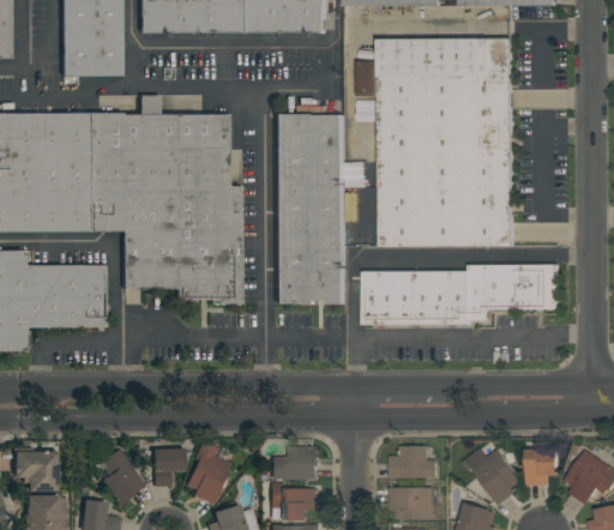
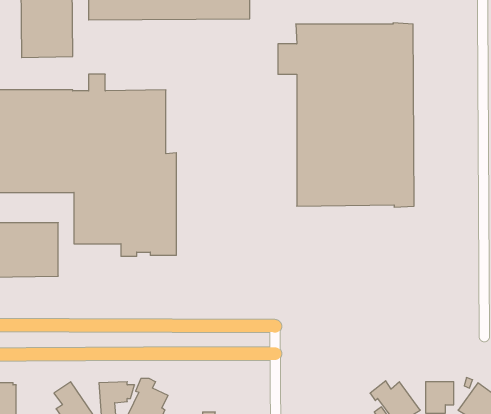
building: [277,115,347,305] -> none
building: [362,264,558,324] -> none
building: [390,445,437,478] -> none
building: [272,446,319,478] -> none

